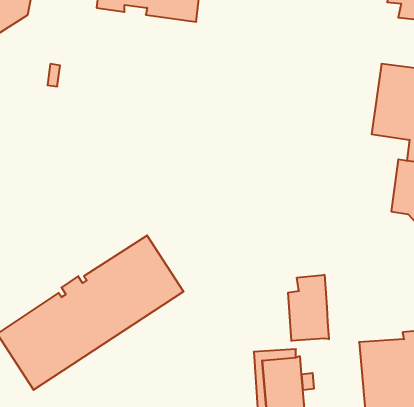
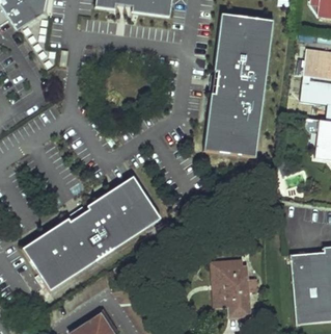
building: none -> [202,12,274,156]
building: [288,275,329,341] -> none

